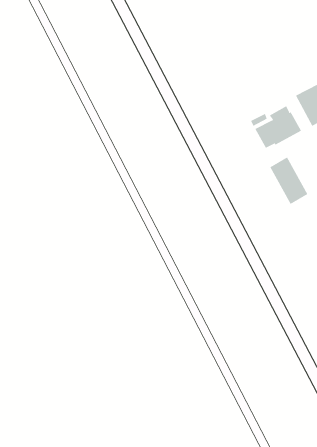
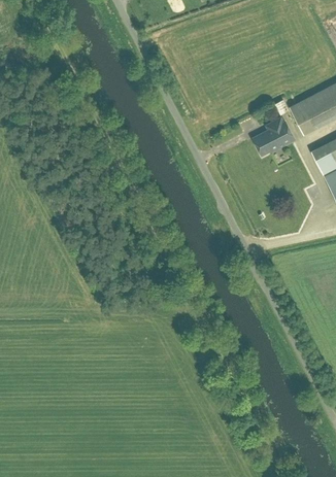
building: [269,157,308,205] -> none

